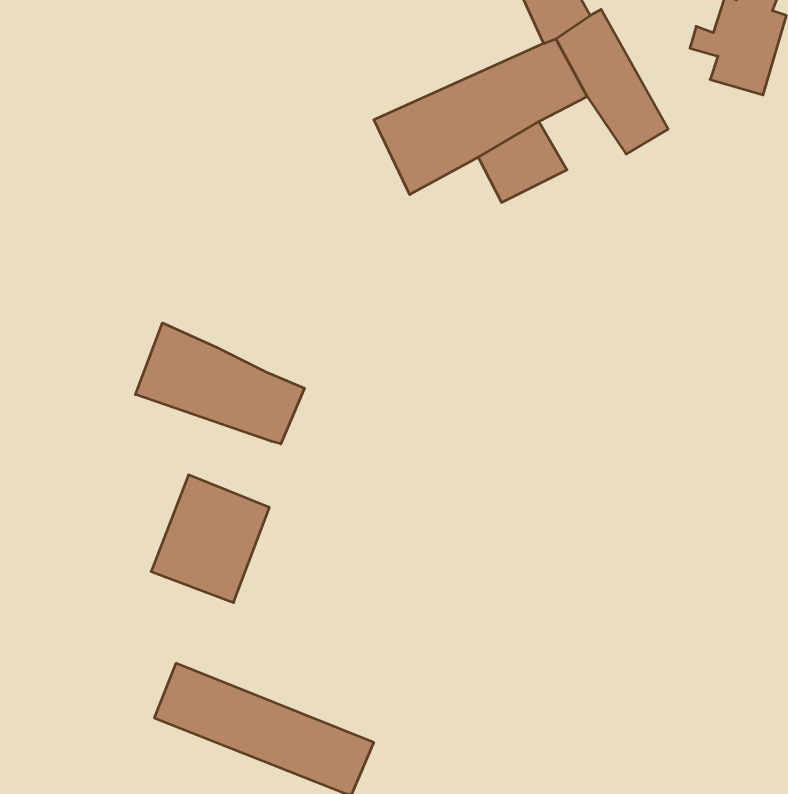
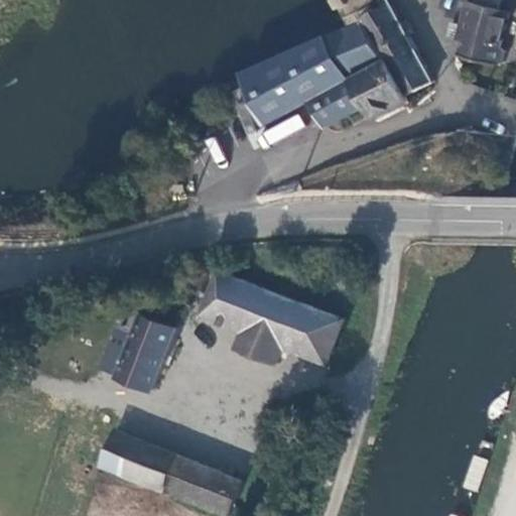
building: none -> [349,62,405,119]
building: [135,323,304,444] -> none
building: none -> [191,264,341,366]

